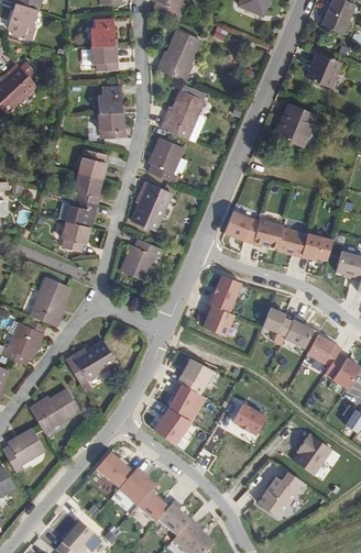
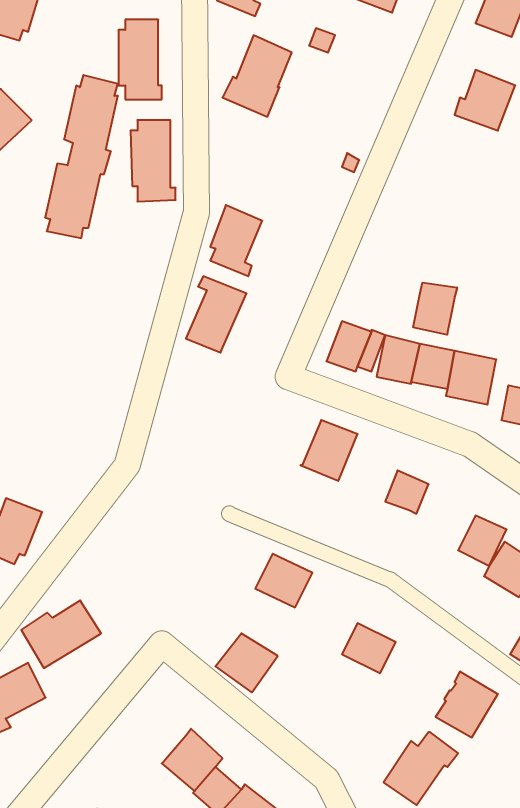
building: [161,84,208,140] -> none
building: [274,103,316,146] -> none
building: [61,147,107,251] -> [45,75,118,238]
building: none -> [413,283,457,335]
building: [121,239,163,280] -> none
building: [31,274,69,322] -> none
building: [201,302,236,336] -> none
building: [283,319,316,351] -> none
building: [66,340,117,383] -> none
building: [171,385,199,417] -> none
building: [96,453,134,490] -> none

